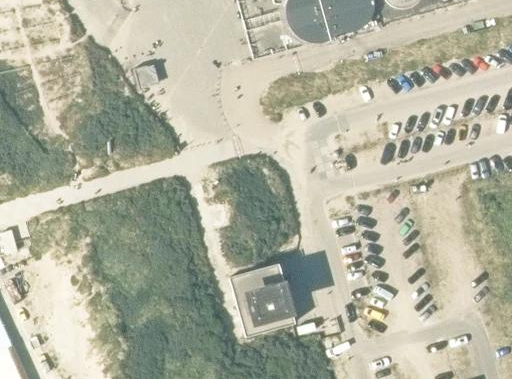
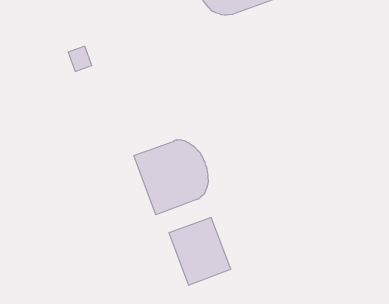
building: none -> [134,140,208,215]

